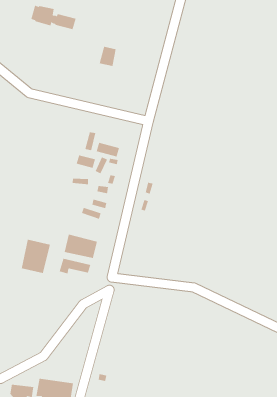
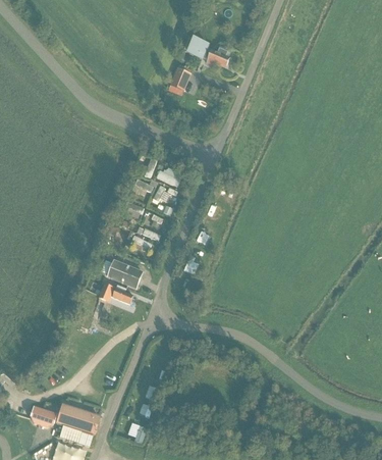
building: [30,5,77,30] -> [183,37,231,68]
building: [21,239,51,274] -> none

